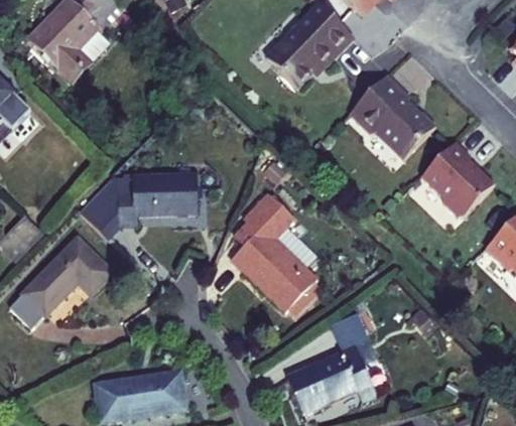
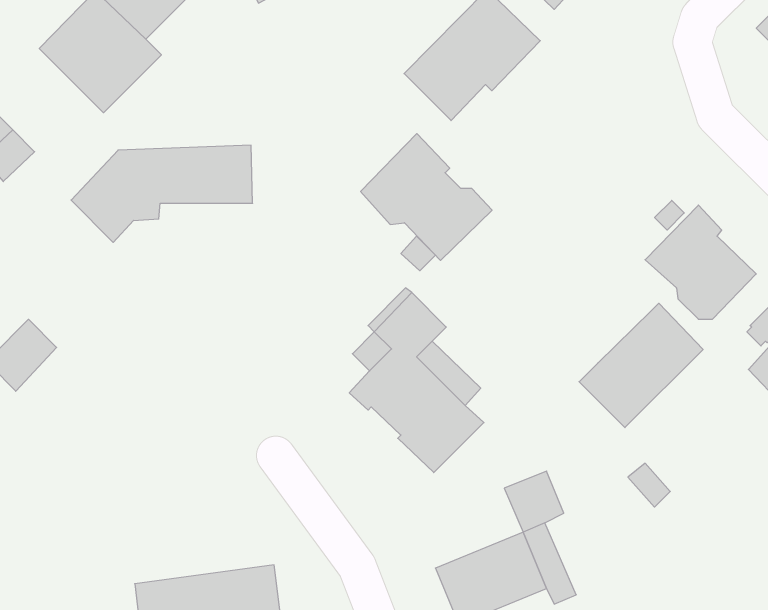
building: [351,77,435,158] -> [361,134,492,260]
building: [79,176,196,239] -> [71,145,253,242]
building: none -> [579,303,703,428]
building: [12,237,115,326] -> none

